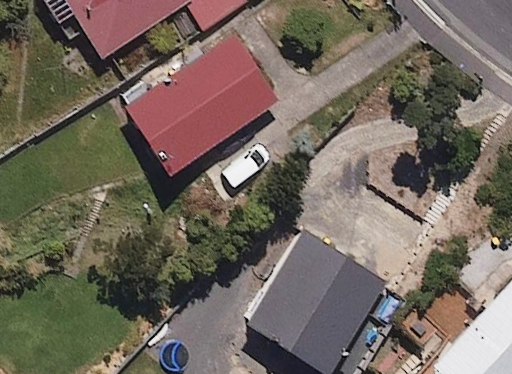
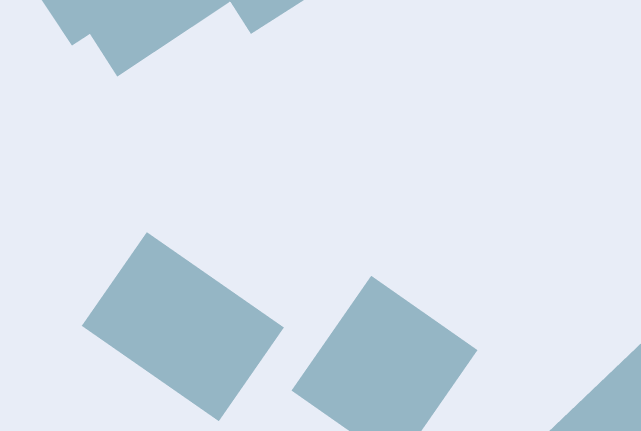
building: [126,36,284,180] -> none
building: none -> [81,231,285,422]

